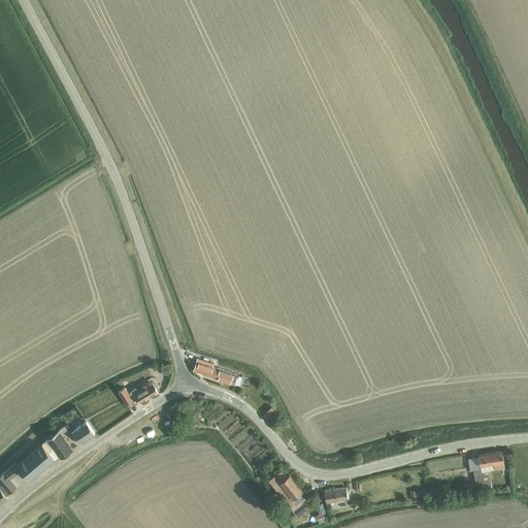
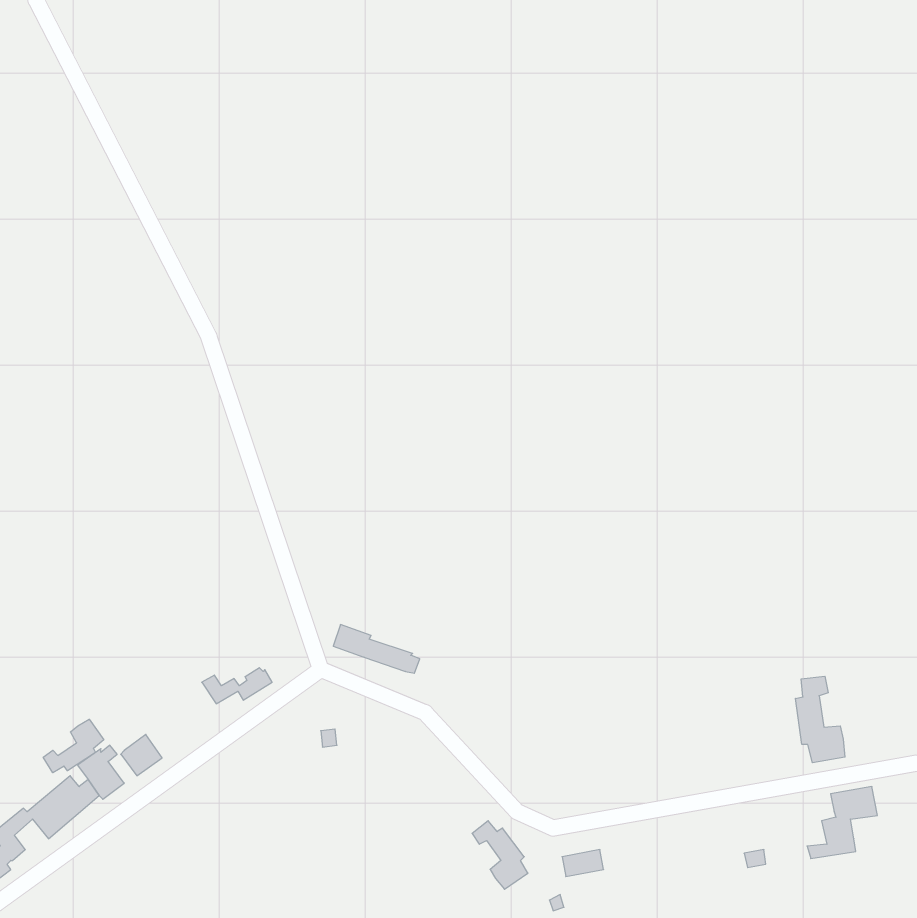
building: none -> [795,676,845,763]
building: none -> [43,719,104,773]

